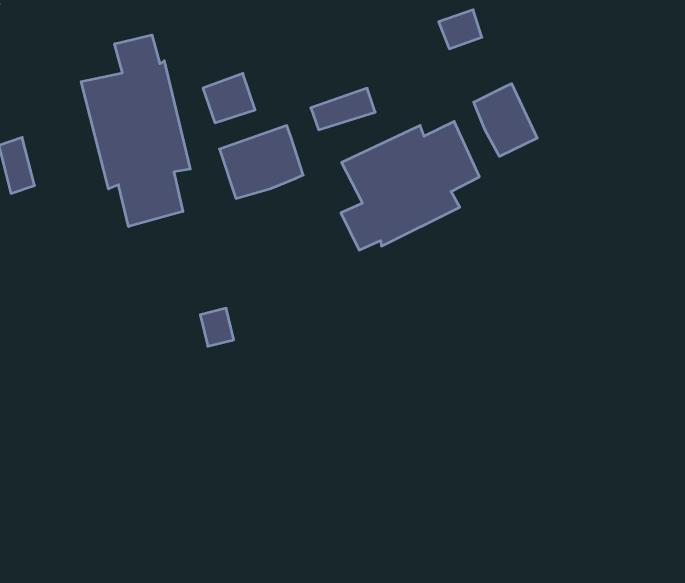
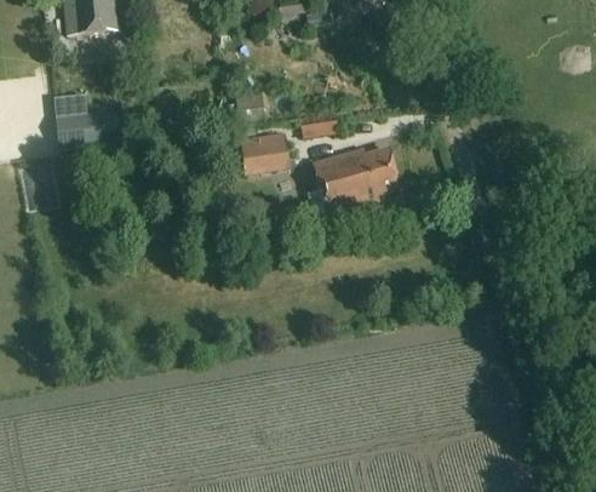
building: [81,35,190,227] -> none
building: [474,84,537,156] -> none

